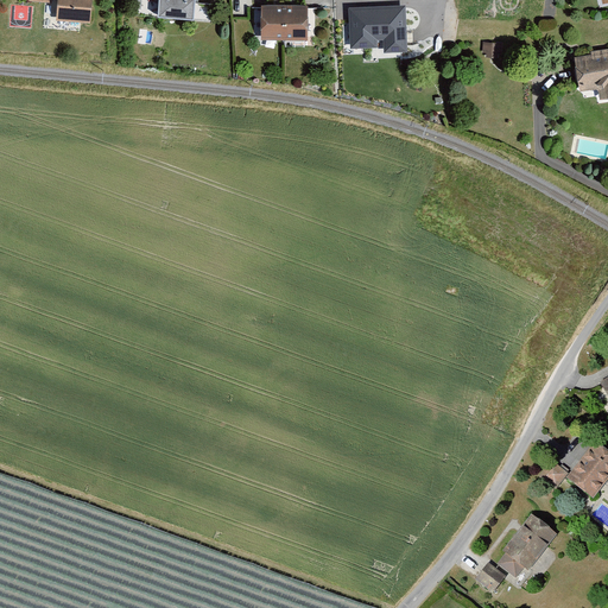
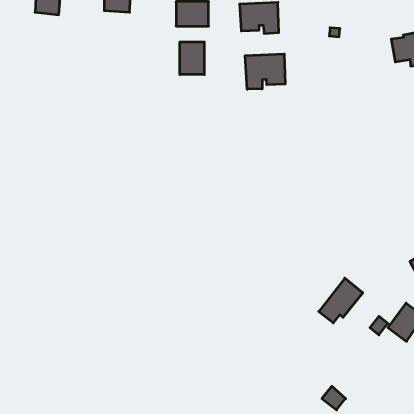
building: none -> [180,42,204,75]
building: none -> [245,54,285,89]
building: [494,514,558,580] -> [319,278,363,323]

